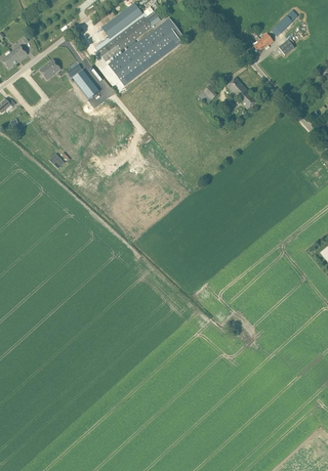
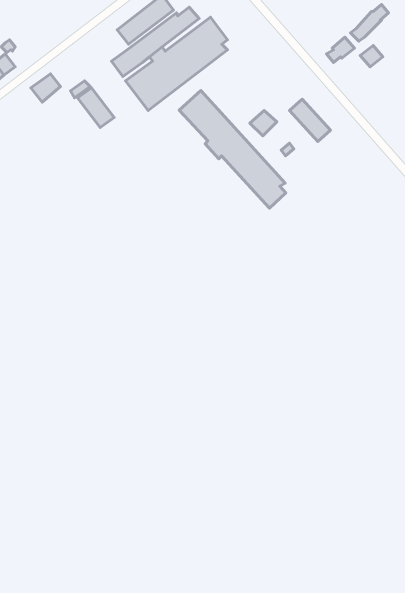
building: none -> [179,90,286,208]

